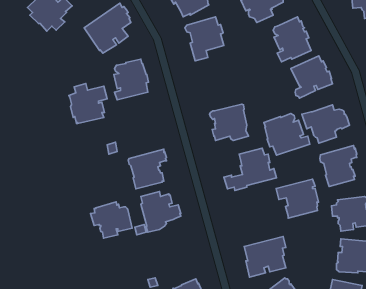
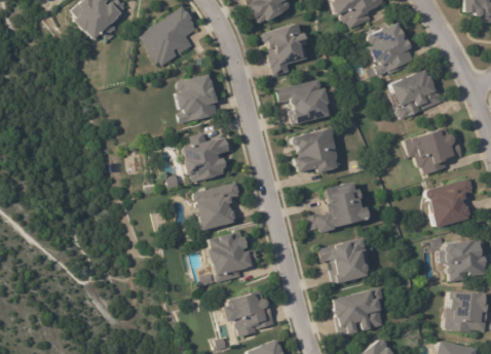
building: none -> [276,78,331,123]
building: [69,84,107,123] -> [183,133,229,182]
building: [264,113,310,155] -> none
building: [276,179,319,218] -> [320,237,372,284]
building: [91,202,132,238] -> [223,292,273,337]

